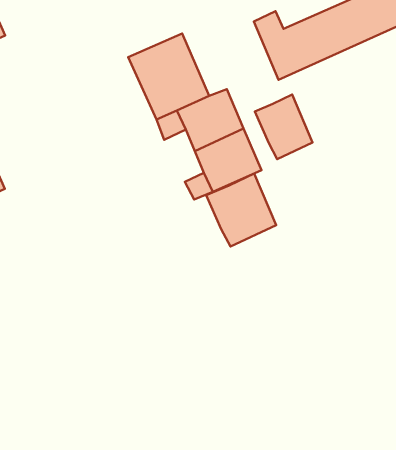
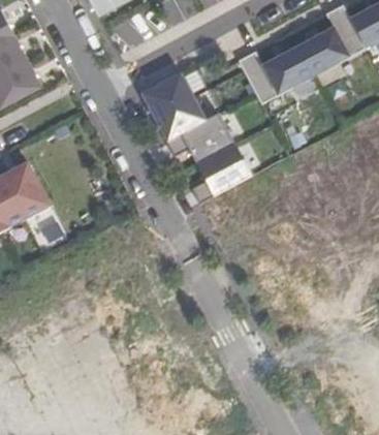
building: [255,95,313,159] -> none
building: [206,174,276,246] -> none

